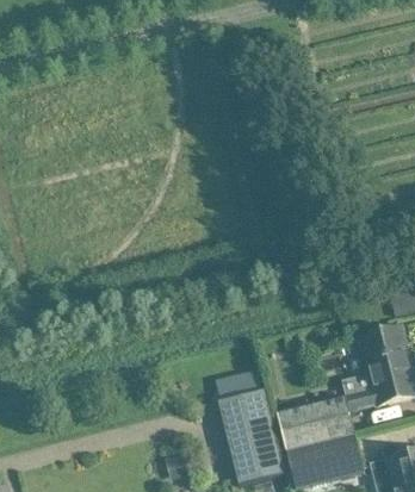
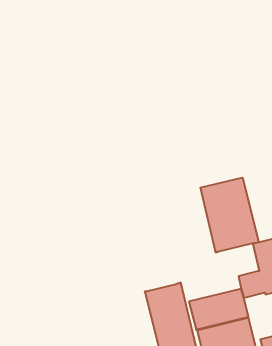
building: none -> [200,178,259,253]
building: [213,369,258,400] -> none

